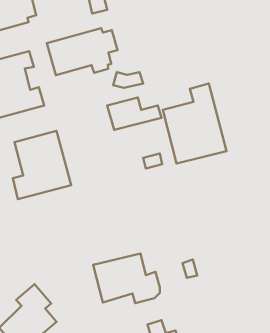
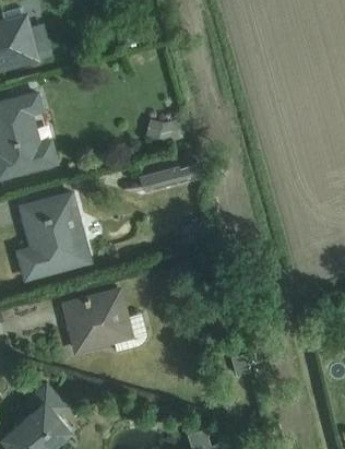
building: [47,28,117,75] -> none
building: [163,83,227,163] -> none
building: [93,253,160,303] -> [63,291,146,353]

